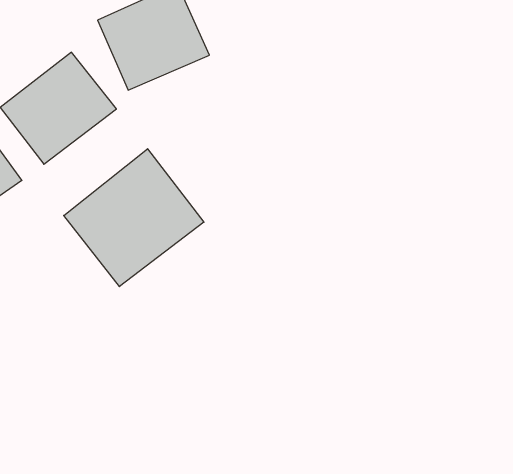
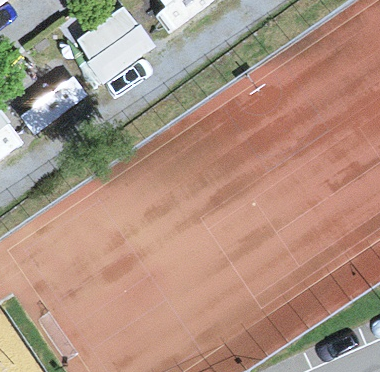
building: [64,149,204,287] -> none

